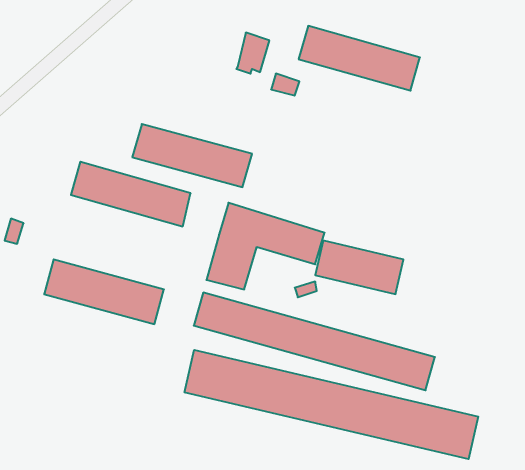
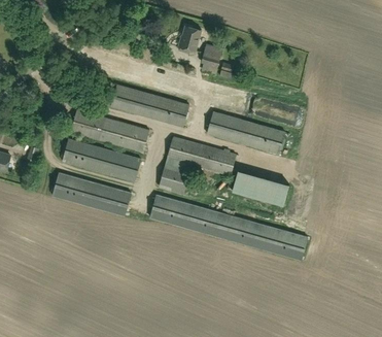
building: [299,26,420,91] -> [206,111,285,154]
building: none -> [62,138,141,180]
building: [185,350,478,459] -> none

